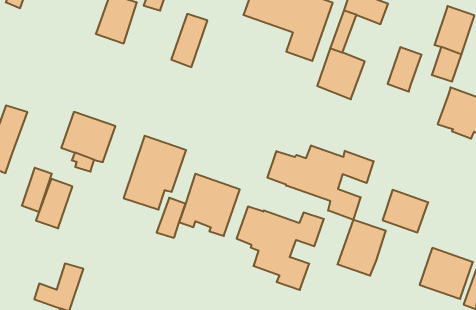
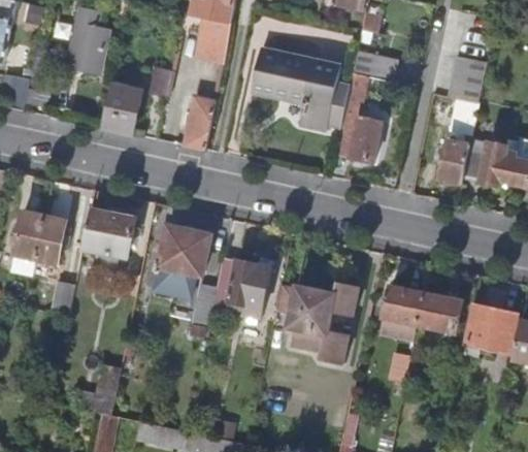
building: [388,47,422,92] -> [439,138,470,183]
building: [267,145,374,220] -> none
building: [36,179,72,228] -> [32,216,65,265]
building: [383,190,428,232] -> [418,291,462,331]

